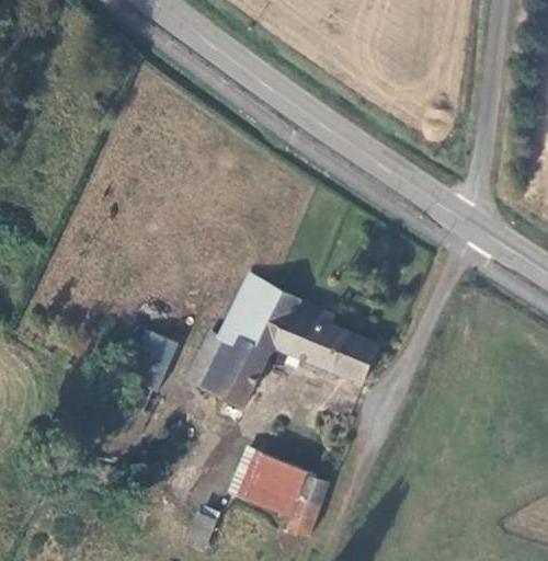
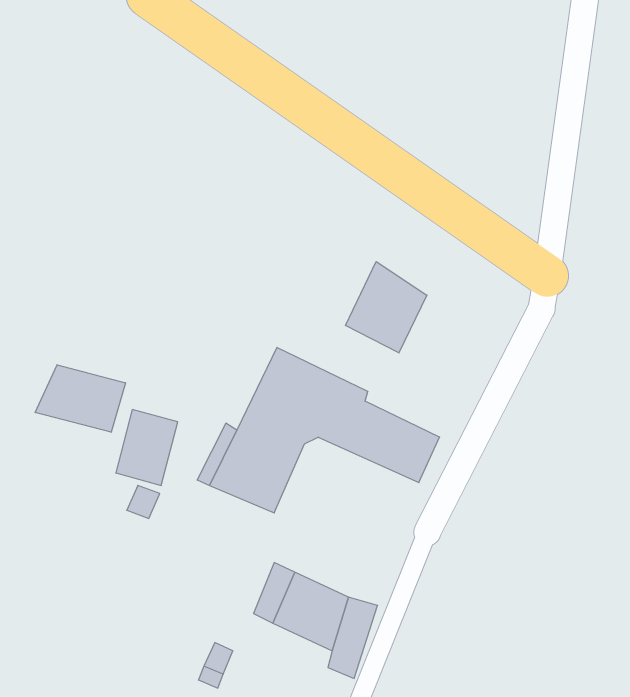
building: none -> [346,262,427,353]
building: none -> [35,365,126,432]

